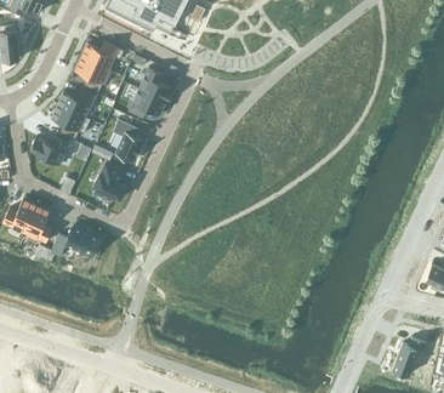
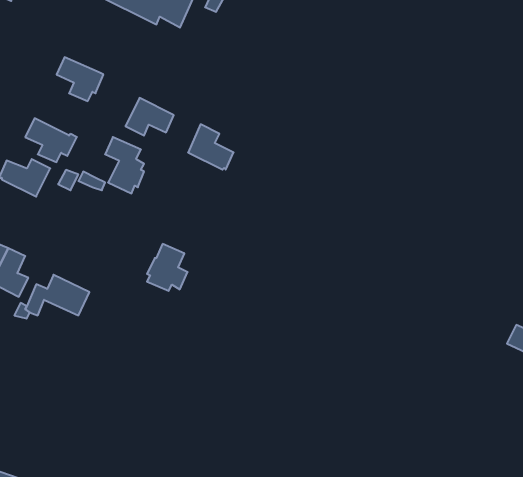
building: [80,40,124,68] -> none
building: [138,66,173,101] -> [188,124,234,170]
building: [57,87,95,116] -> none
building: [93,163,125,199] -> [147,244,188,291]
building: [391,336,426,375] -> none

